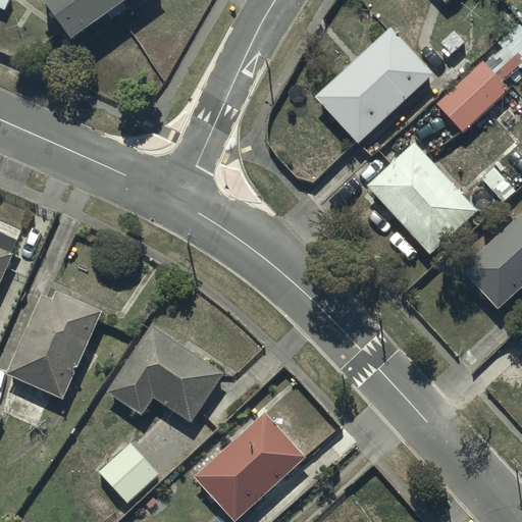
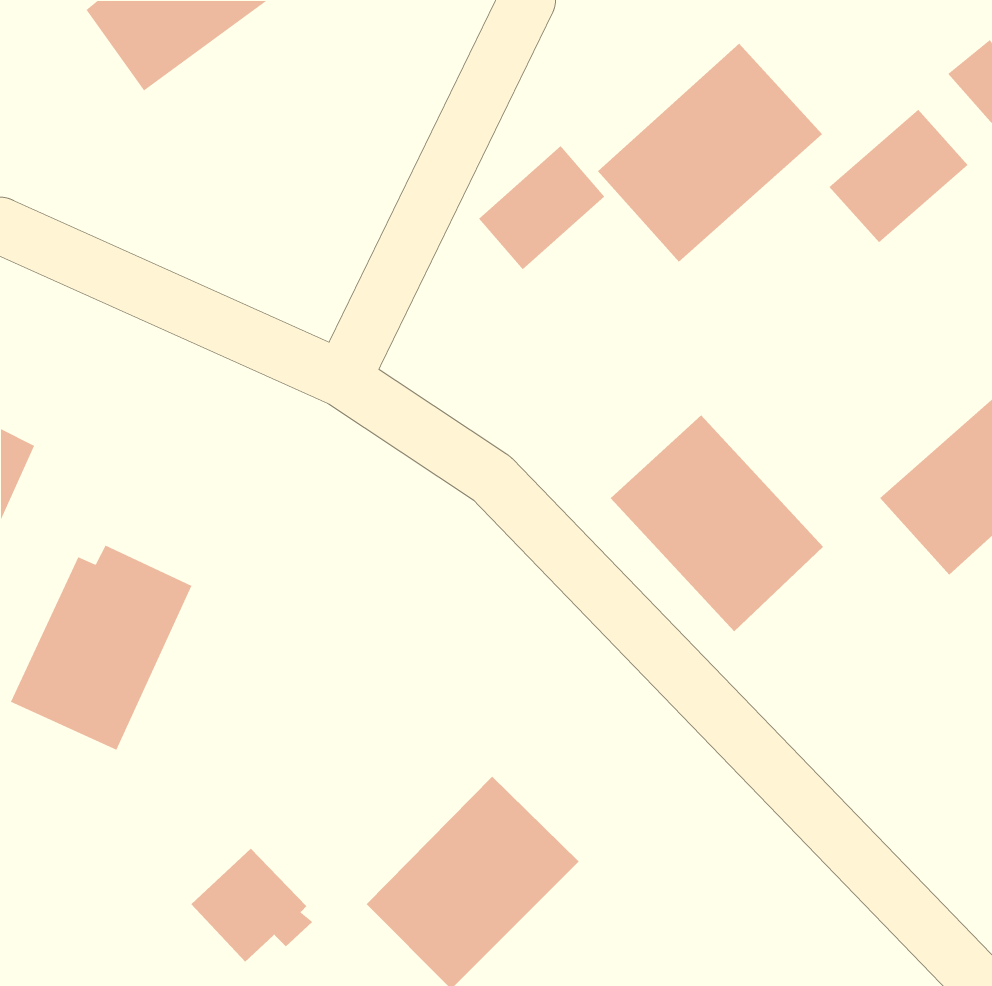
building: none -> [478,145,605,270]
building: [365,140,477,254] -> [610,414,824,632]
building: [106,323,223,421] -> none

